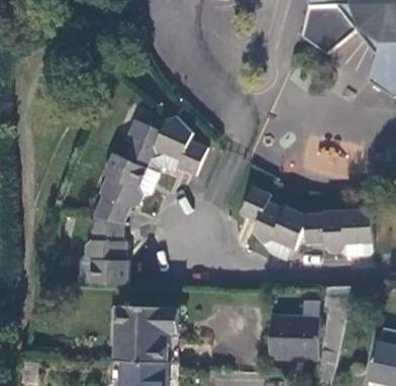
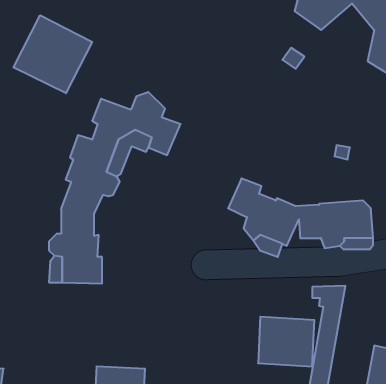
building: none -> [14,15,92,93]
building: [114,305,179,363] -> none

